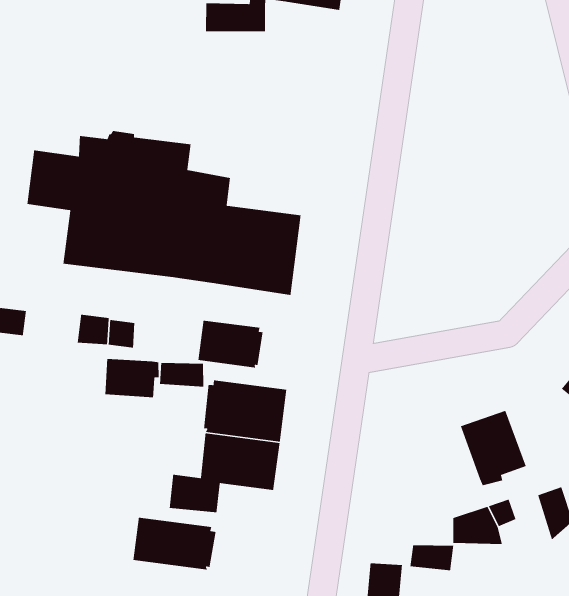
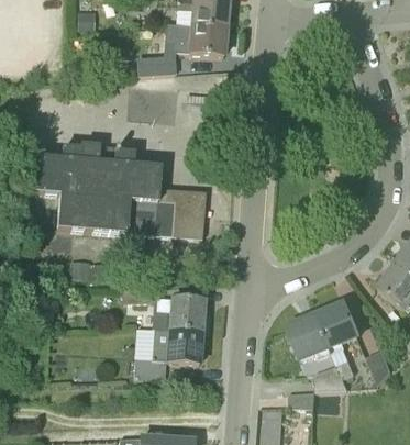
building: [197,320,264,368] -> none
building: [104,358,160,398] -> none
building: none -> [288,316,330,360]
building: [132,517,216,570] -> none

